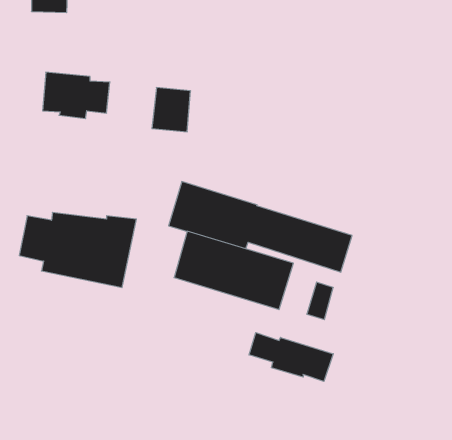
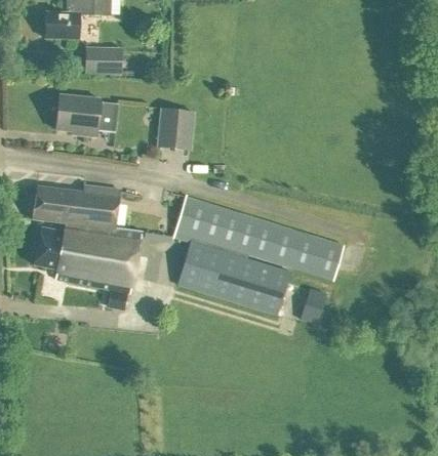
building: none -> [86,47,120,74]
building: none -> [32,184,120,230]
building: [249,333,333,381] -> none

